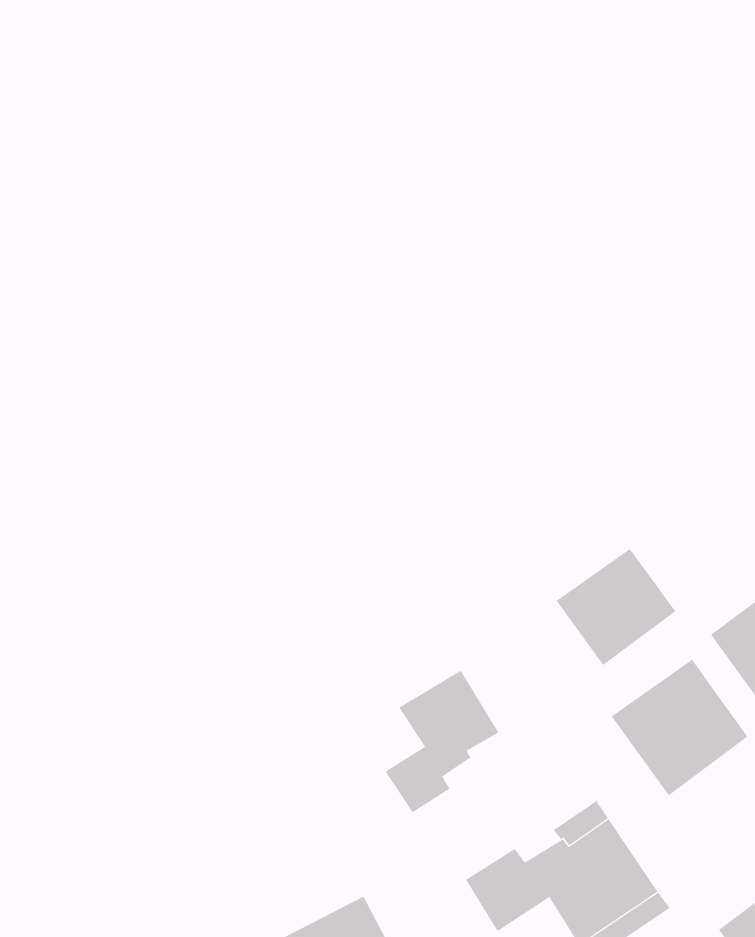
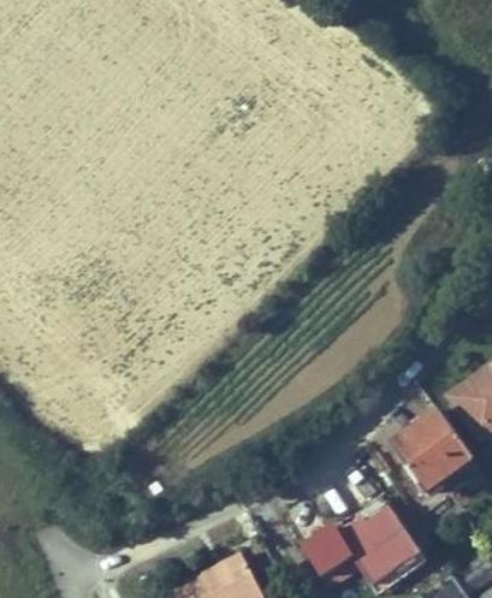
building: [556,548,676,666] -> none
building: [385,670,499,813] -> none

